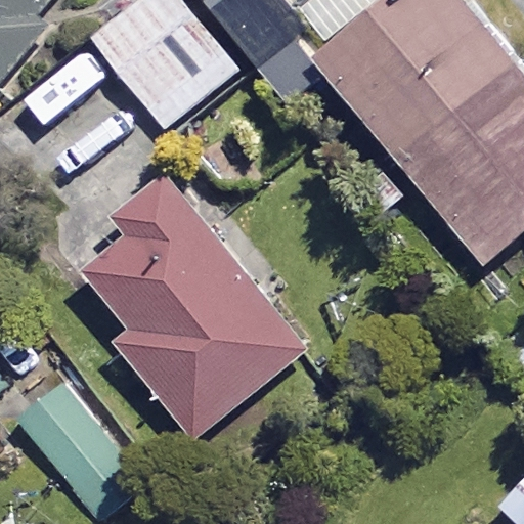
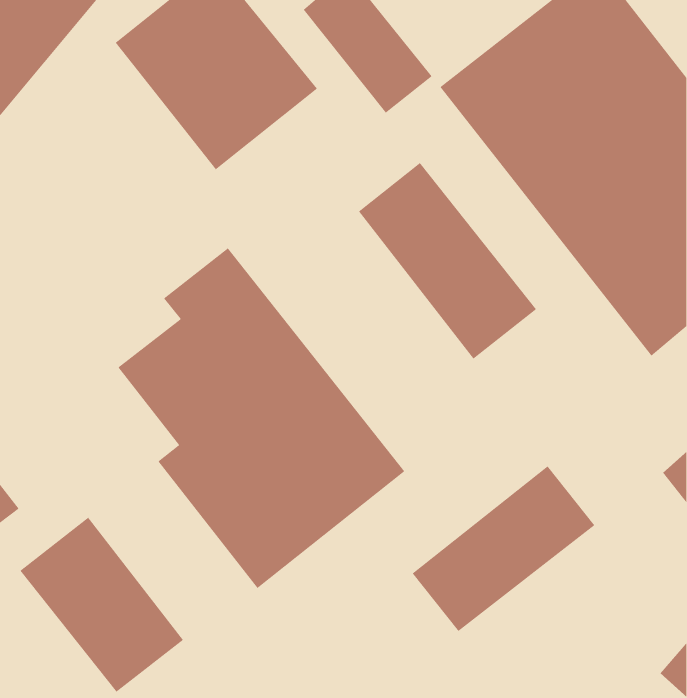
building: none -> [358,162,537,359]
building: none -> [412,465,595,632]

